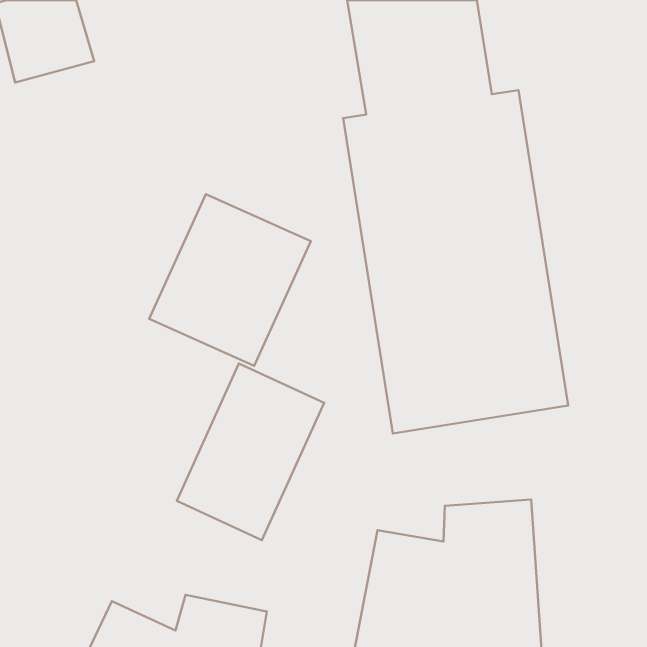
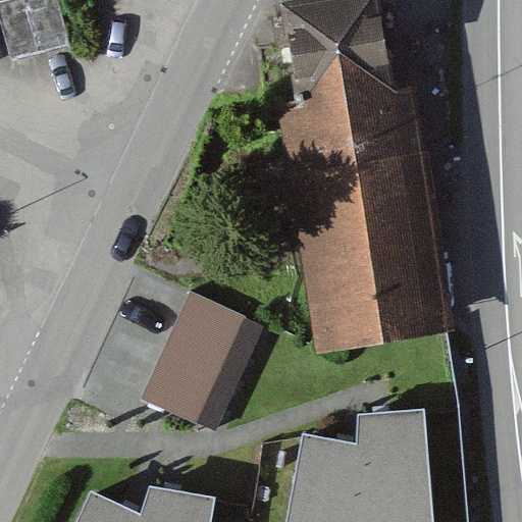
building: [149,194,311,366] -> none

